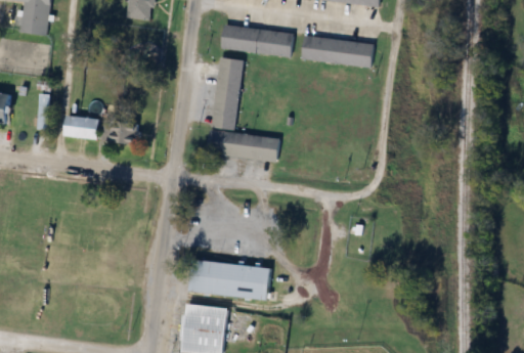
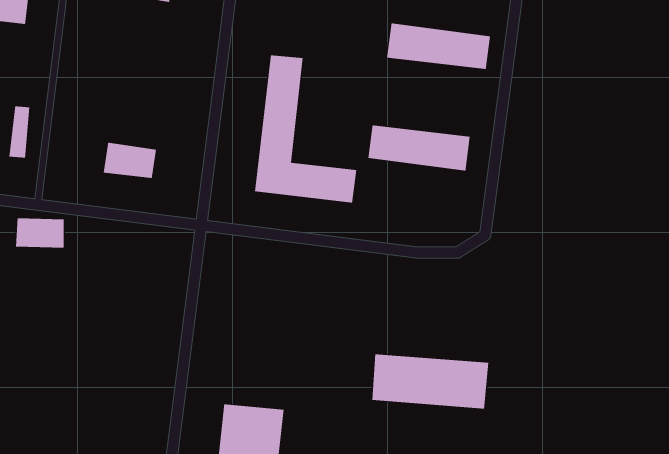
building: [221,25,294,57] -> [367,125,471,171]
building: [64,117,99,138] -> [15,218,65,248]
building: [188,260,271,299] -> [371,354,489,409]

